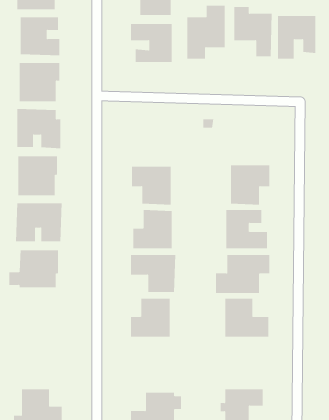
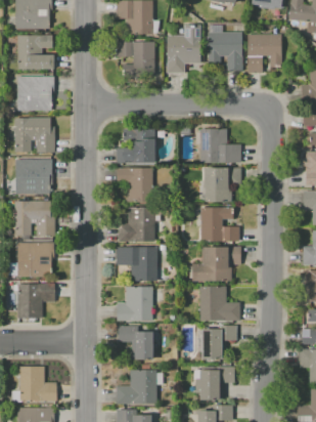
building: none -> [117,129,154,164]
building: none -> [200,129,241,163]
building: none -> [18,284,55,318]
building: none -> [118,326,153,360]
building: none -> [200,326,237,360]

